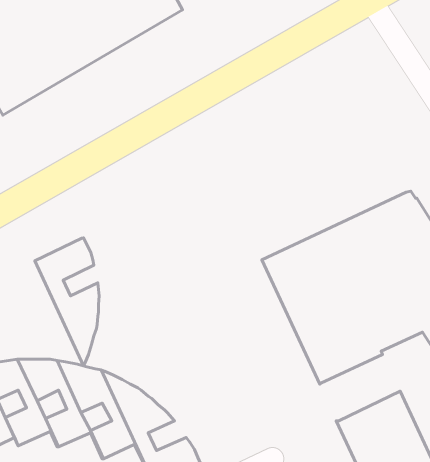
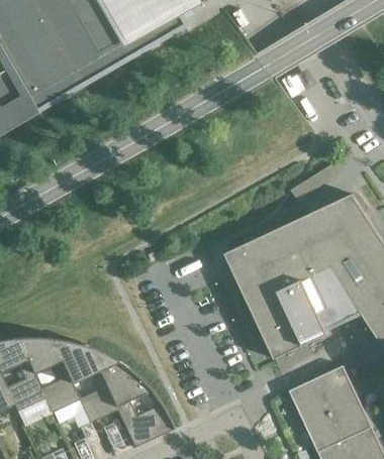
building: [35,238,99,366] -> none

